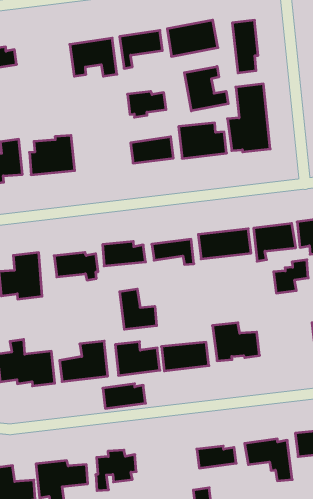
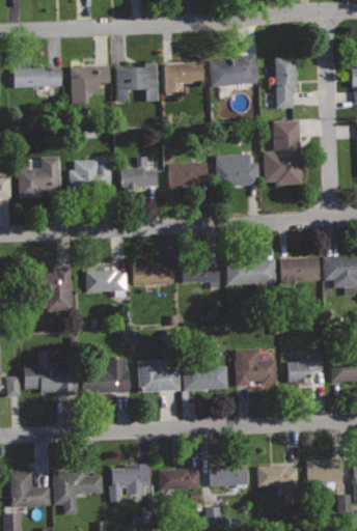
building: none -> [68,65,110,104]
building: [184,66,228,111] -> none
building: [127,91,166,117] -> [120,167,157,191]
building: [274,260,308,293] -> [289,353,322,383]
building: [120,289,157,329] -> none
building: [103,384,146,408] -> [159,469,199,491]

